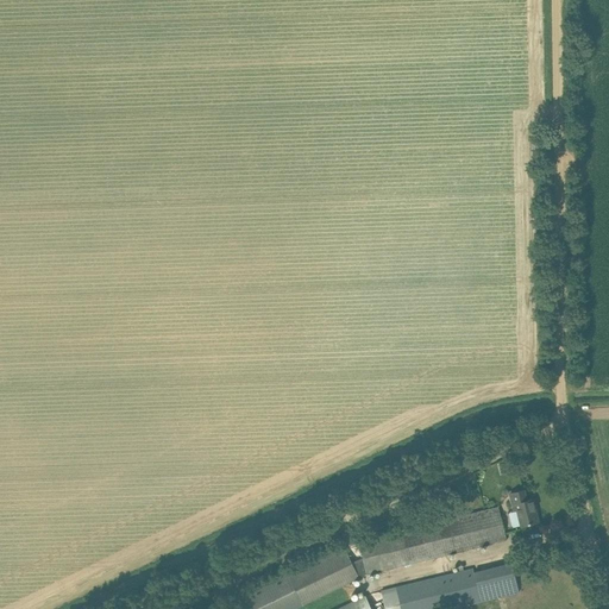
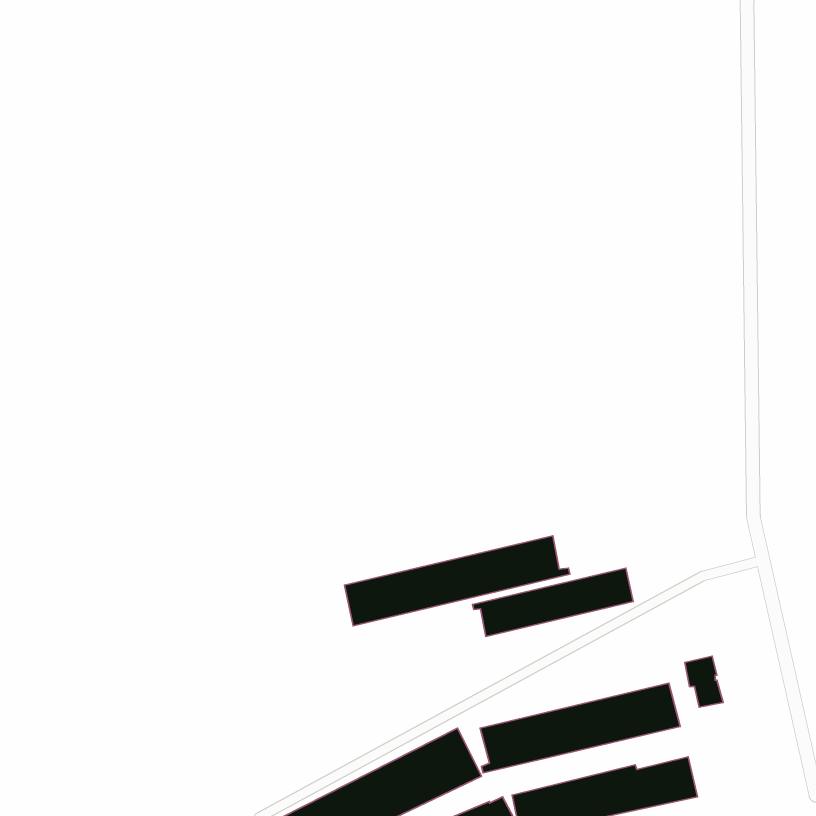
building: none -> [345,536,570,626]
building: none -> [473,568,633,636]

